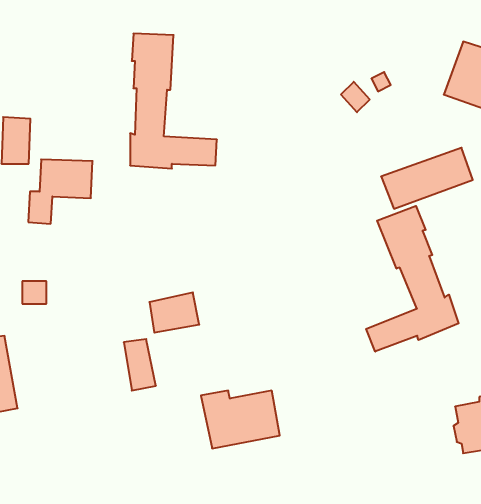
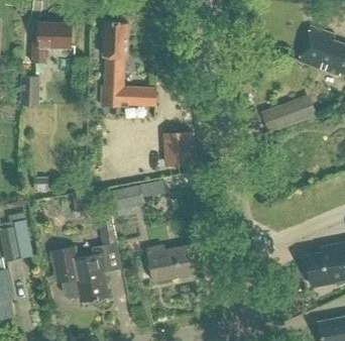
building: [28,159,93,224] -> [31,22,72,63]
building: [366,206,459,352] -> none
building: none -> [166,132,193,165]
building: none -> [51,247,108,302]

